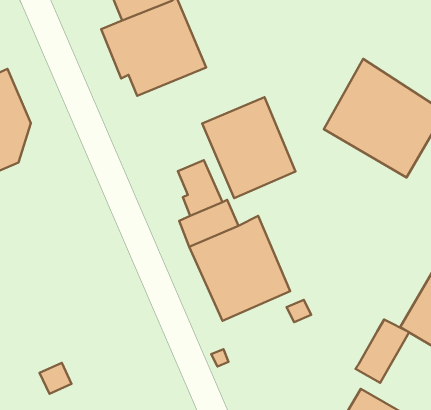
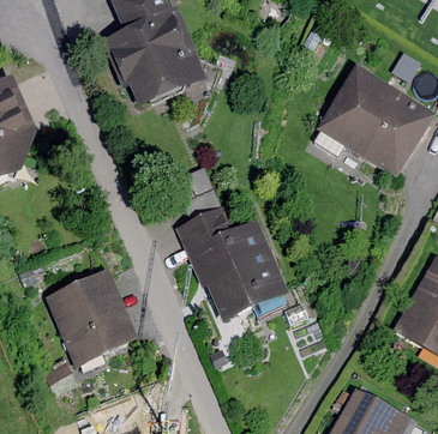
building: [202,97,296,198] -> none
building: none -> [44,270,137,364]
building: [356,319,409,383] -> none

